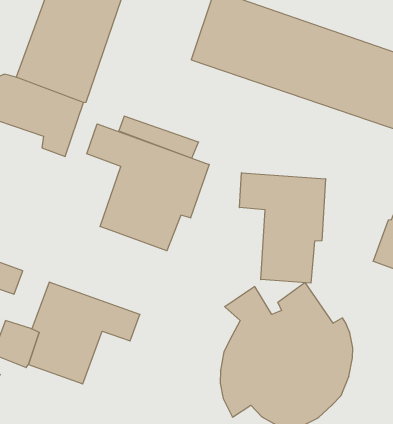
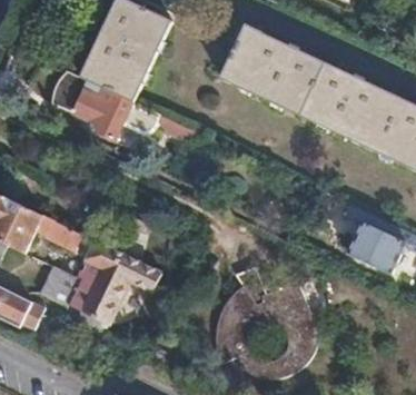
building: [87,124,209,251] -> none
building: [239,173,326,283] -> none

